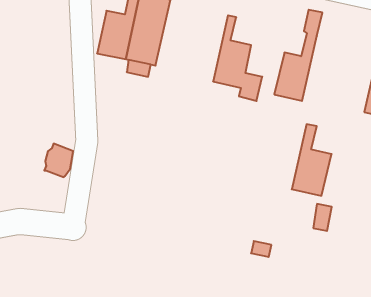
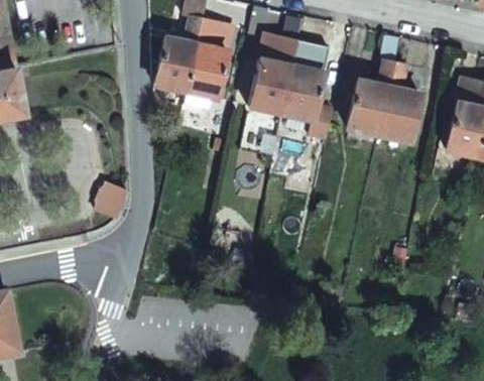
building: none -> [247,36,296,115]
building: [292,124,332,196] -> [377,66,420,143]

